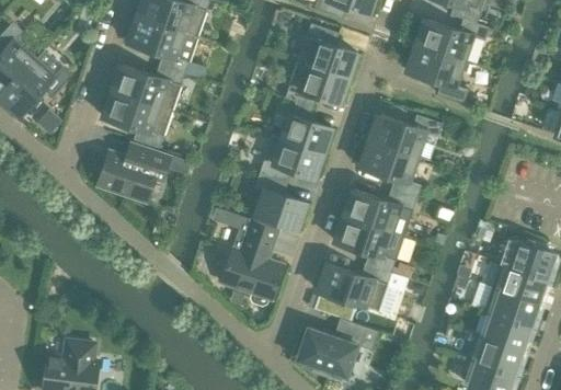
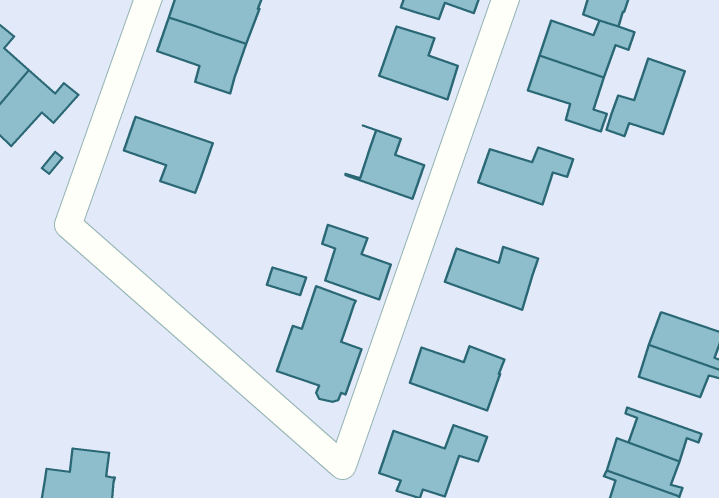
building: none -> [606,58,685,136]
building: [285,61,348,108] -> none
building: [114,66,185,112] -> none
building: [259,136,322,183] -> none
building: [363,141,421,198] -> none
building: [98,142,170,203] -> none
building: [337,216,404,274] -> none
building: [483,287,541,330] -> none

